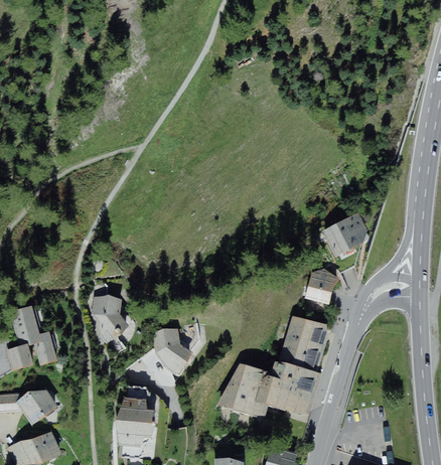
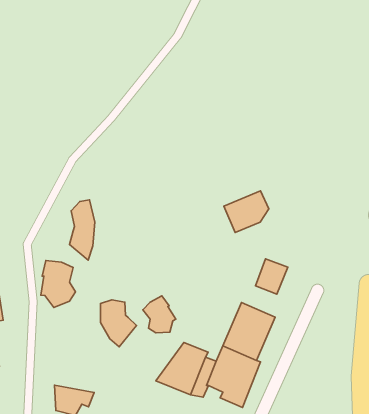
building: [323,213,369,258] -> [224,191,269,232]
building: none -> [69,200,95,260]
building: none -> [143,296,176,333]
building: [116,384,156,423] -> none

